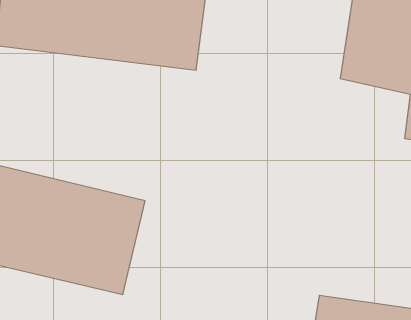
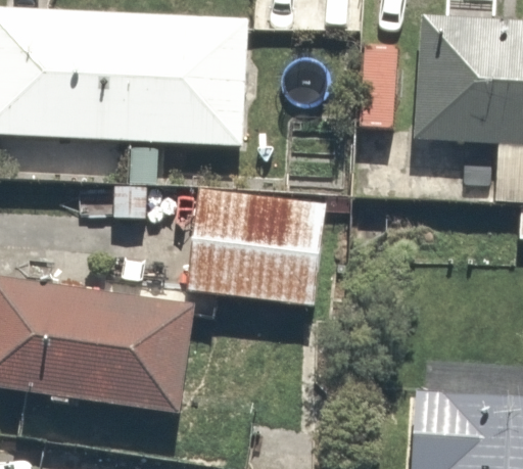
building: none -> [184,178,326,301]

